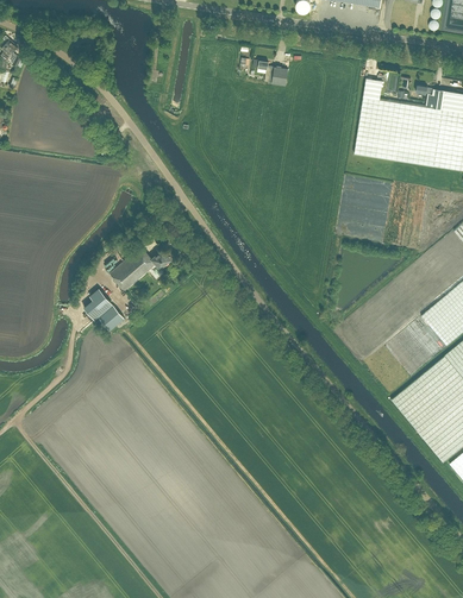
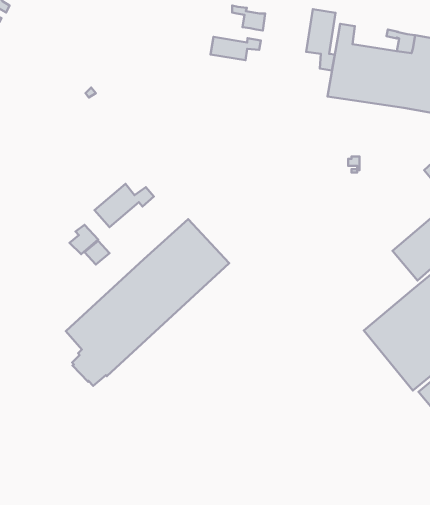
building: none -> [306,9,335,71]
building: none -> [211,37,261,60]
building: none -> [66,219,229,386]

